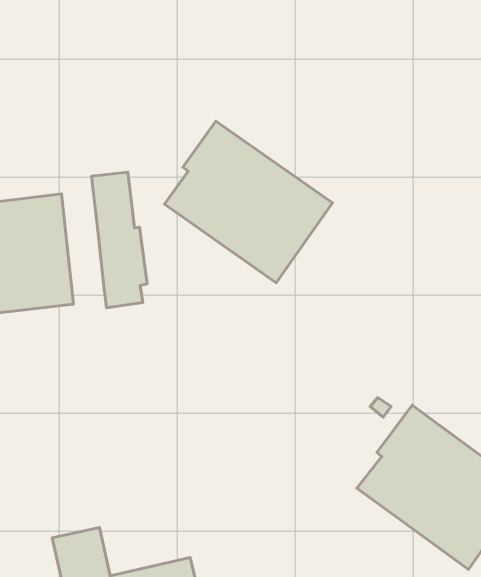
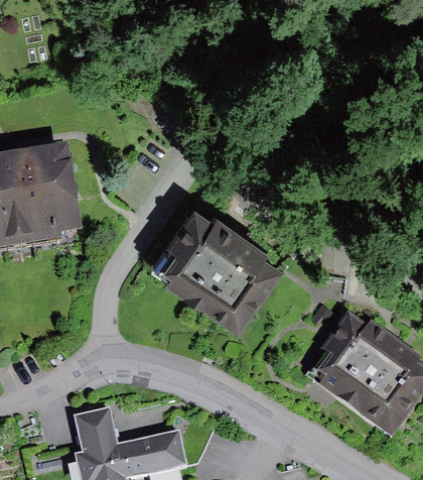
building: [165,121,333,283] -> [152,203,281,327]
building: [91,172,147,308] -> none

